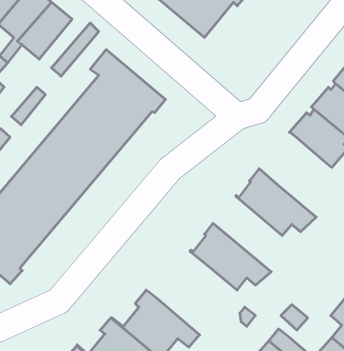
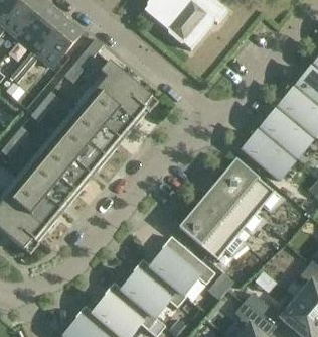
building: none -> [243,129,291,178]
building: none -> [196,181,264,243]
building: none -> [150,235,213,296]

